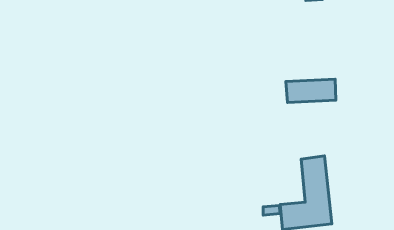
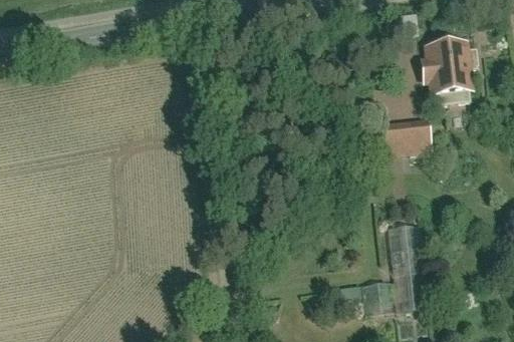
building: none -> [424,41,473,95]

